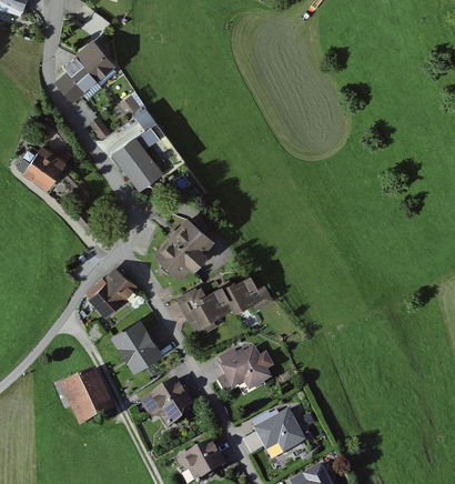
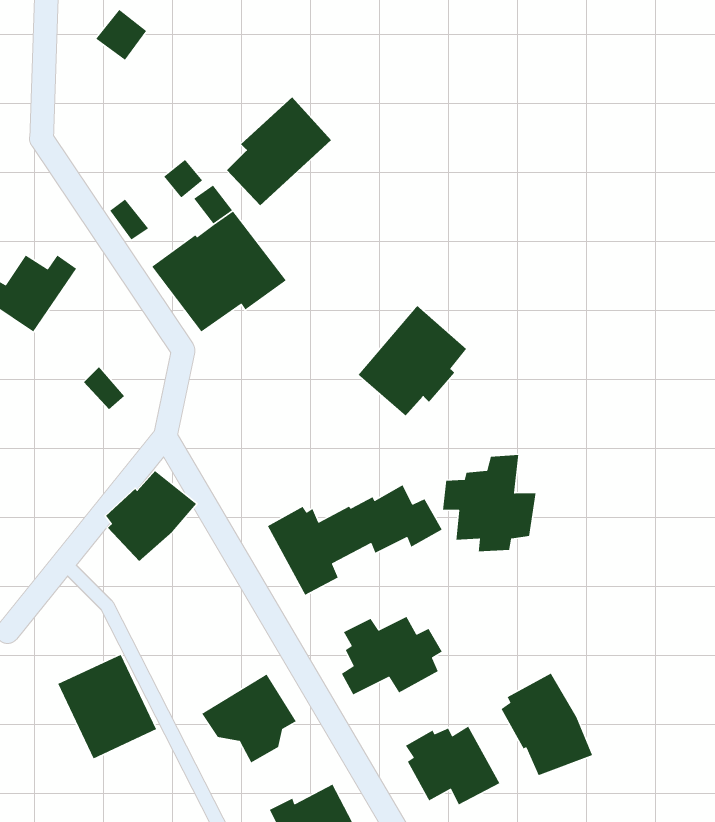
building: [55,40,114,101] -> [226,96,332,206]
building: [154,216,215,279] -> [357,305,467,417]
building: none -> [442,454,537,552]
building: [111,320,163,375] -> none
building: none -> [501,673,593,776]

